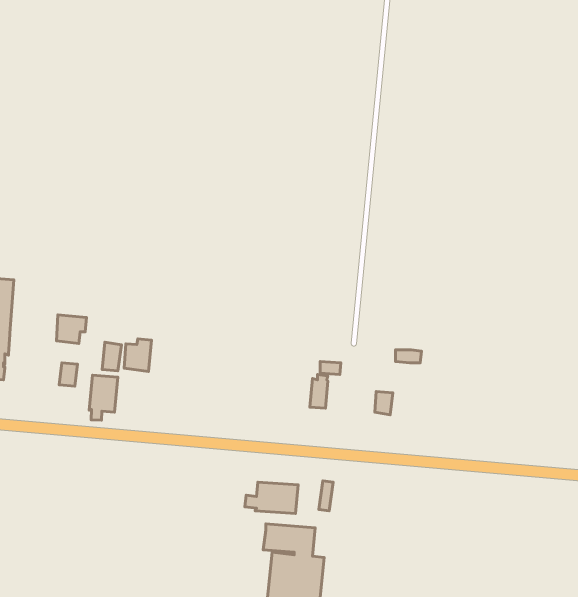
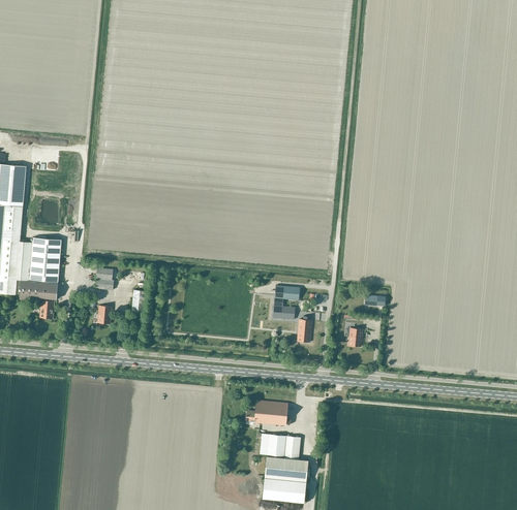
building: none -> [272,285,299,319]
building: [124,339,151,372] -> none
building: [89,375,118,420] -> none

